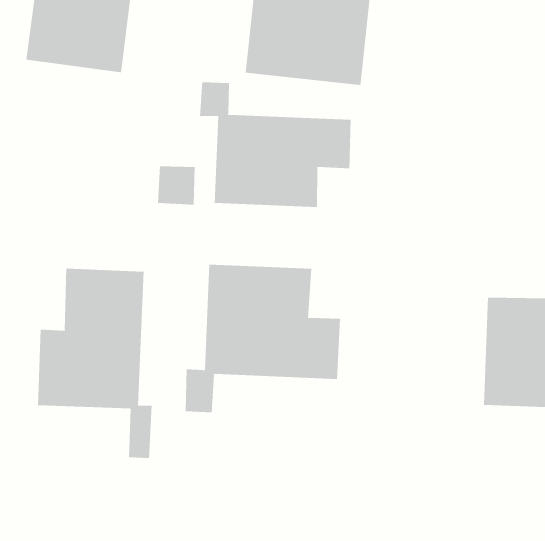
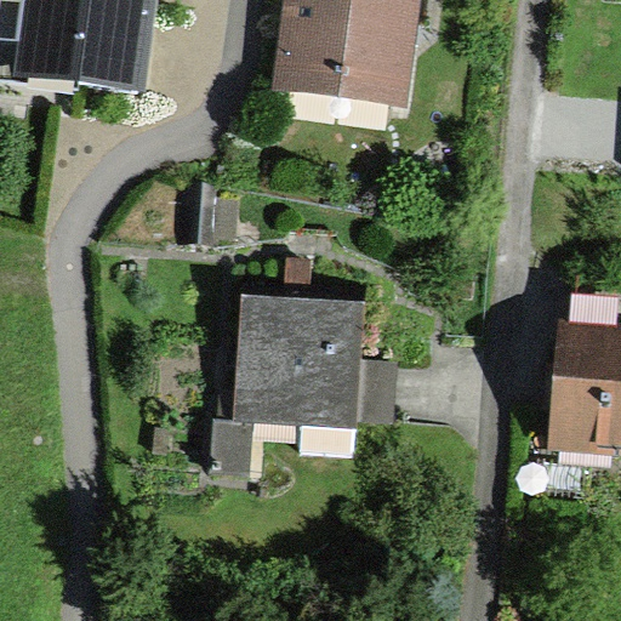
building: [200,81,351,208] -> none
building: [37,268,152,459] -> none

